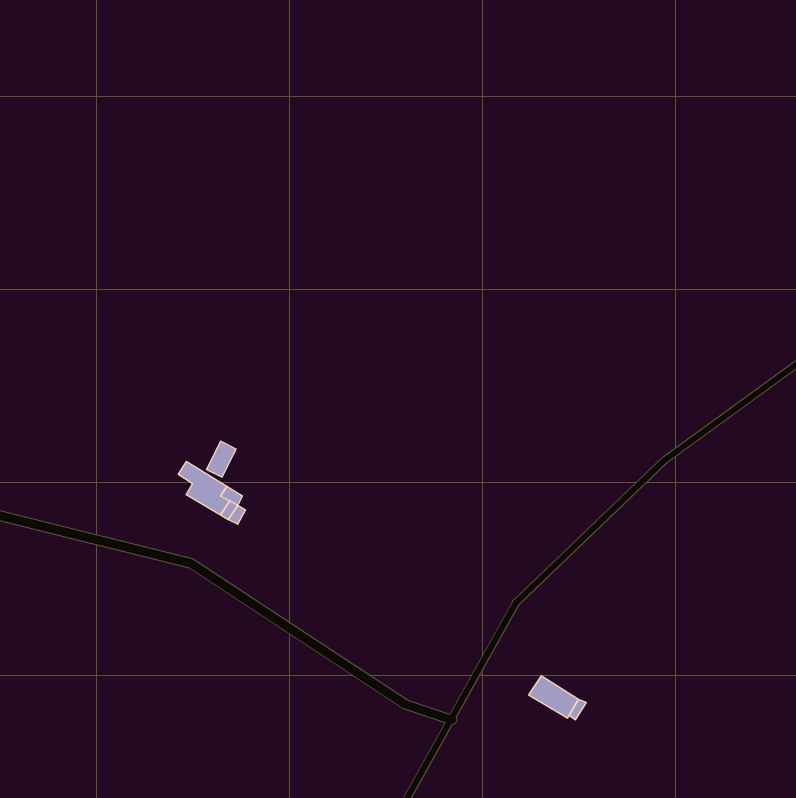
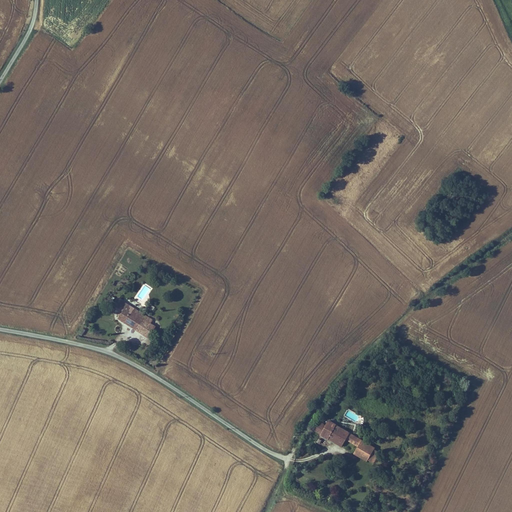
building: none -> [310,419,346,445]

